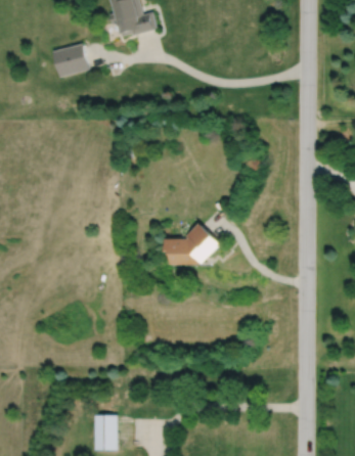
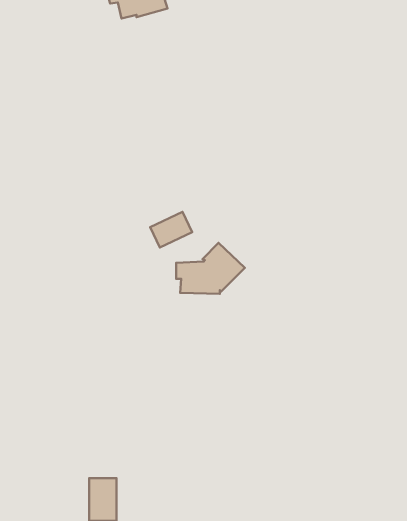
building: [51,44,88,78] -> none
building: none -> [150,212,192,247]

